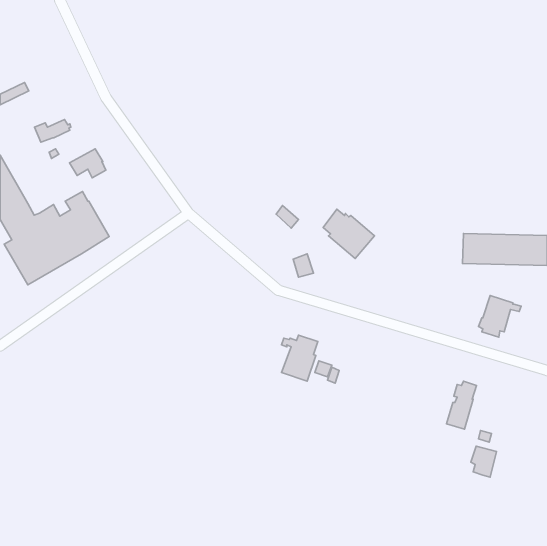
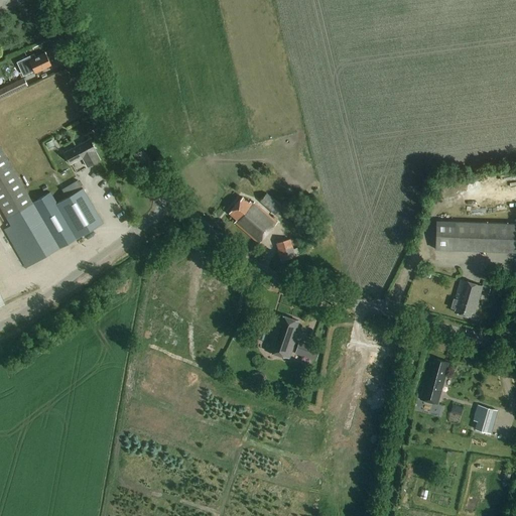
building: [35,120,71,142] -> [17,55,51,77]
building: [323,209,374,258] -> [229,198,277,244]
building: [471,446,497,477] -> [473,406,497,435]

